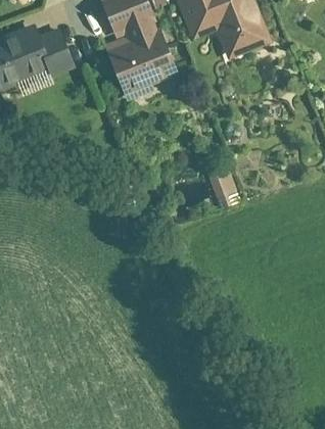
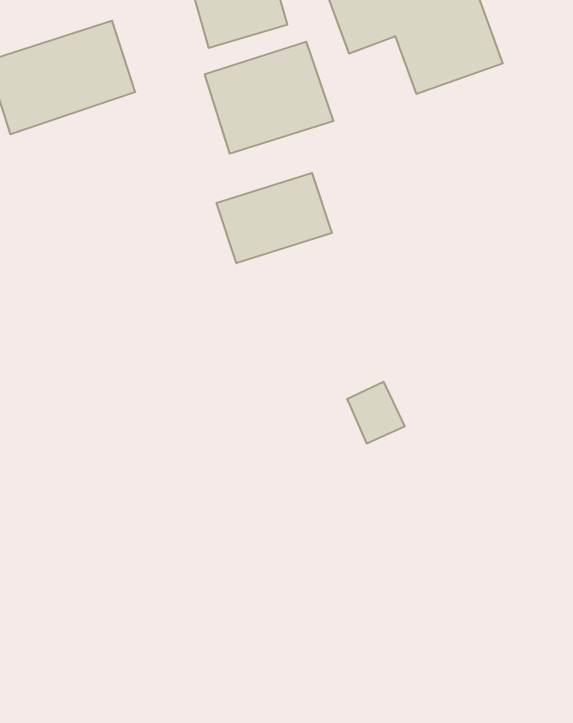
building: none -> [216,173,332,263]
building: [204,166,235,199] -> [347,382,405,443]

